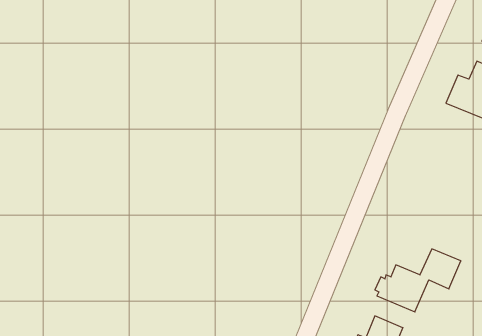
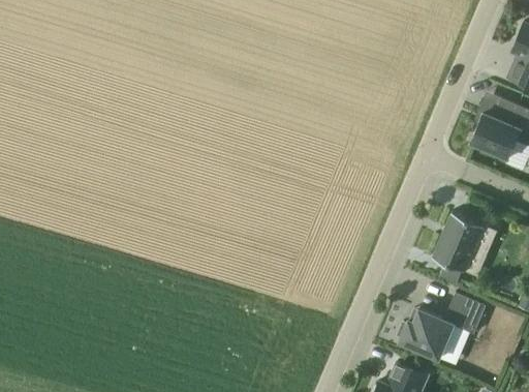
building: none -> [433,213,485,284]

